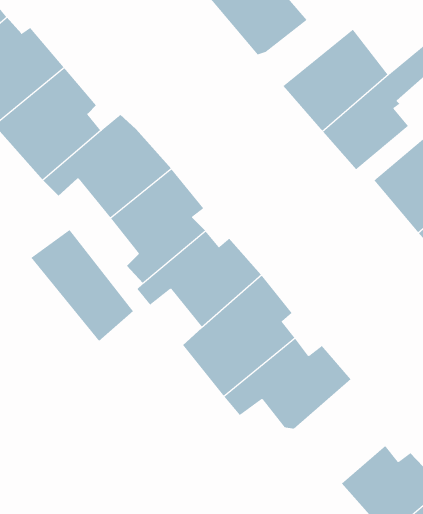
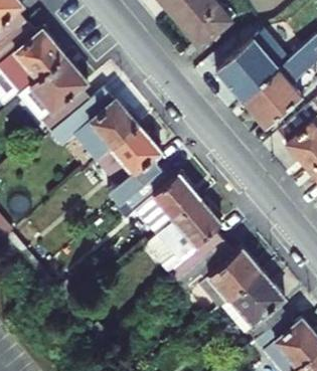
building: [30,229,134,342] -> none
building: none -> [223,268,286,340]

